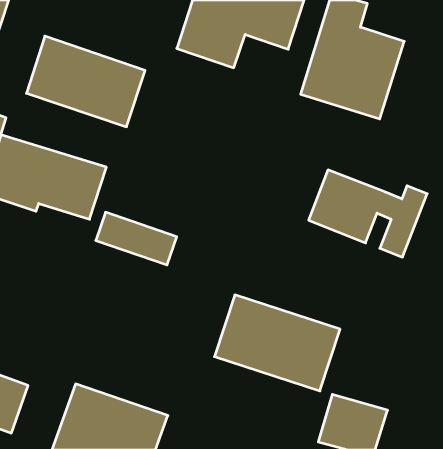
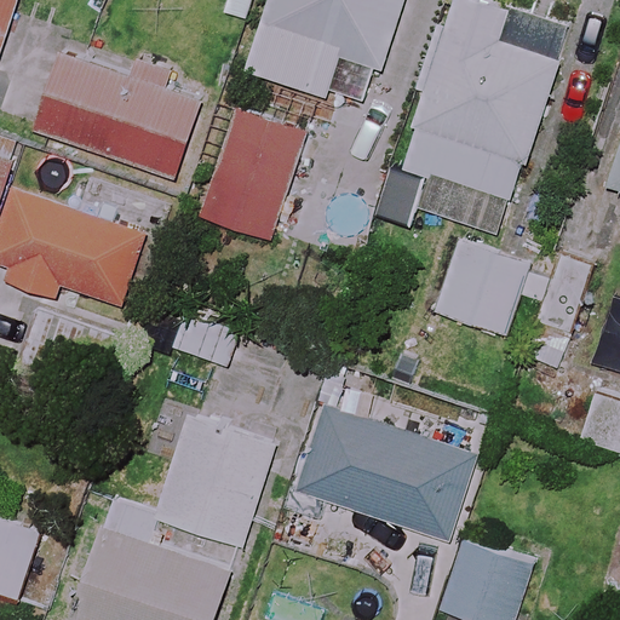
building: none -> [197,102,305,236]
building: none -> [362,131,523,234]
building: none -> [154,461,263,542]

